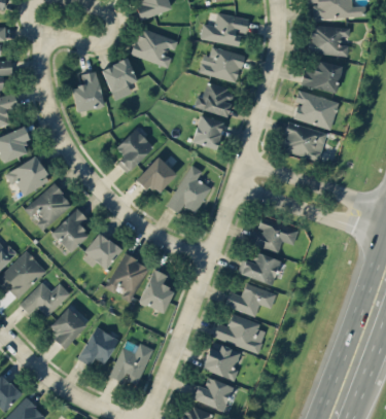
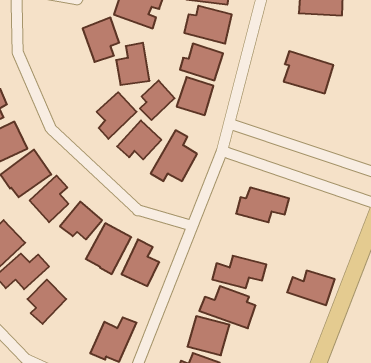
building: [301,60,345,94] -> none
building: [72,71,104,111] -> [116,43,150,85]
building: none -> [140,80,175,120]
building: [280,120,328,163] -> none
building: [237,252,282,285] -> [287,271,335,305]
building: [78,326,118,365] -> none

